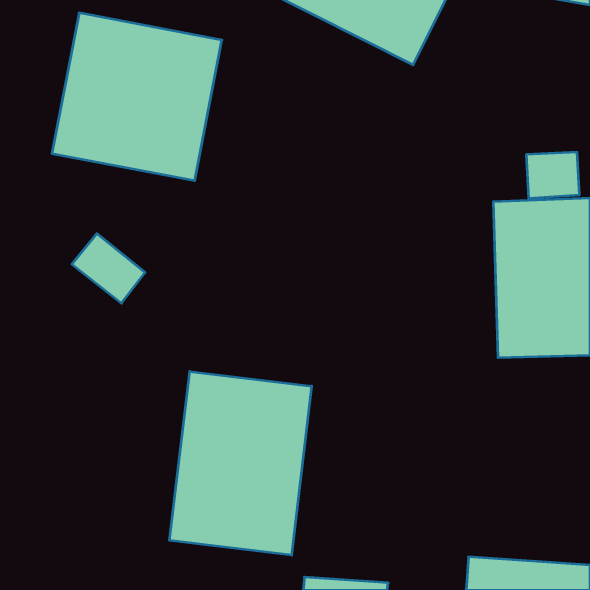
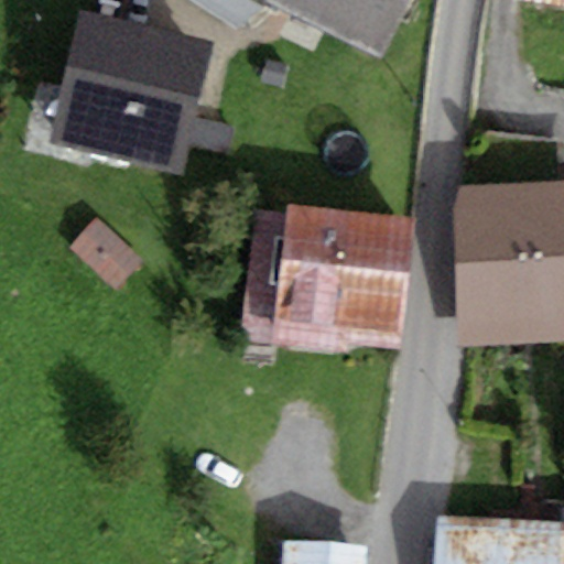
building: none -> [248,206,411,349]
building: [170,371,312,555] -> none

